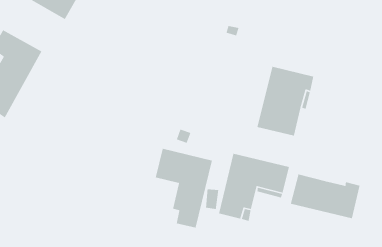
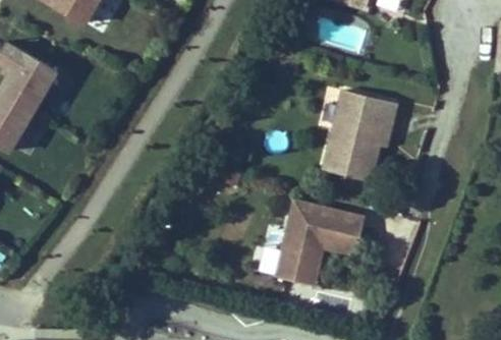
building: [155,148,213,229] -> none
building: [290,174,361,219] -> none

